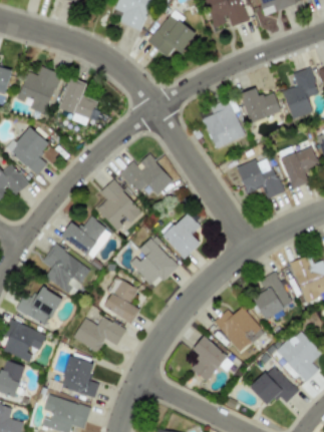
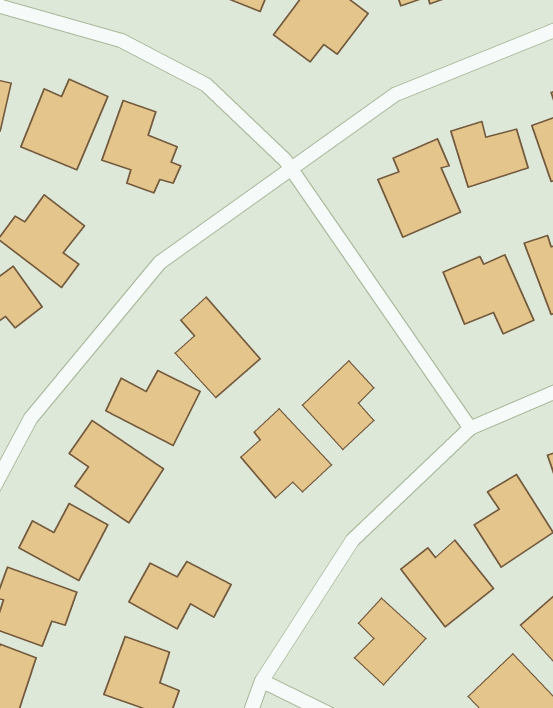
building: [120,154,174,194] -> none
building: [103,276,140,324] -> none

